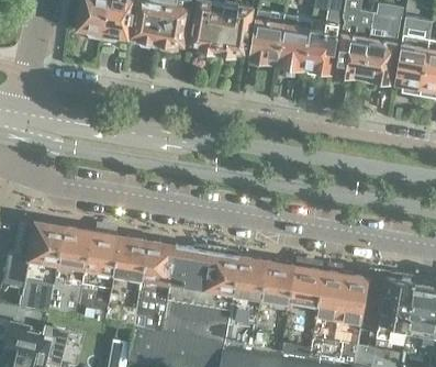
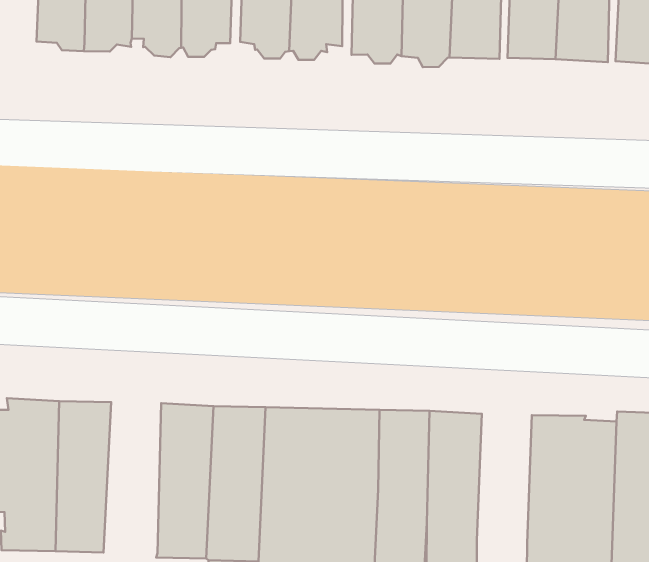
building: [76,231,119,318] -> none
building: [282,265,322,340] -> none

